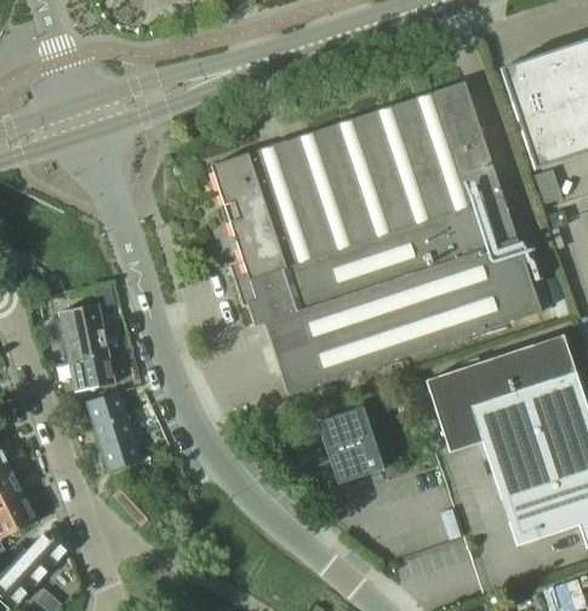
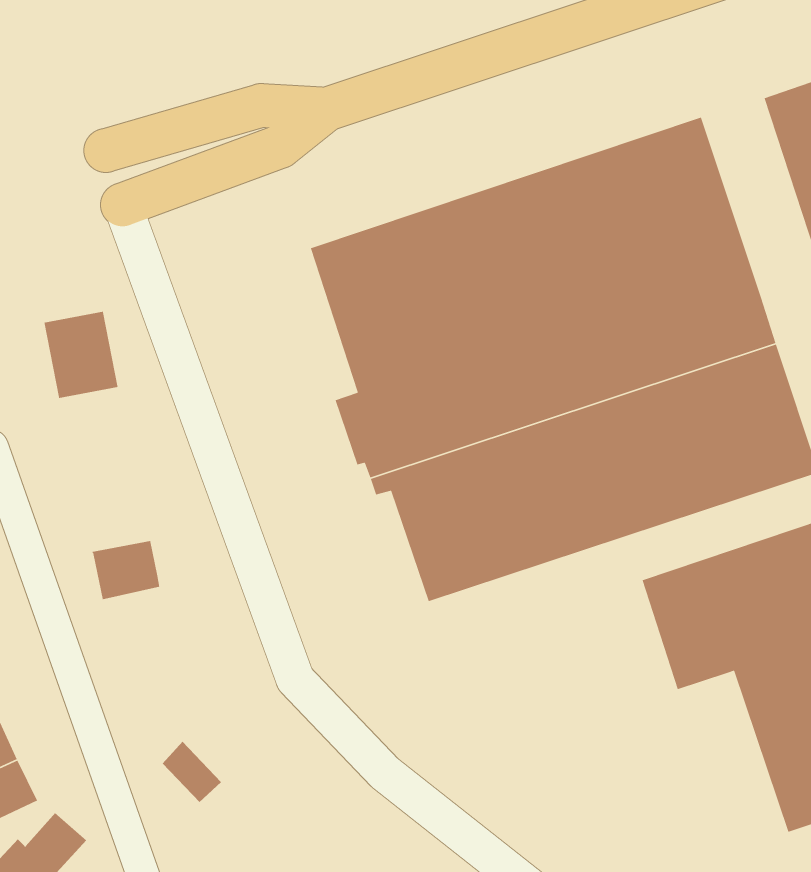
building: [61,304,109,361] -> [44,311,119,399]
building: [90,393,139,469] -> none
building: [318,405,384,480] -> none

